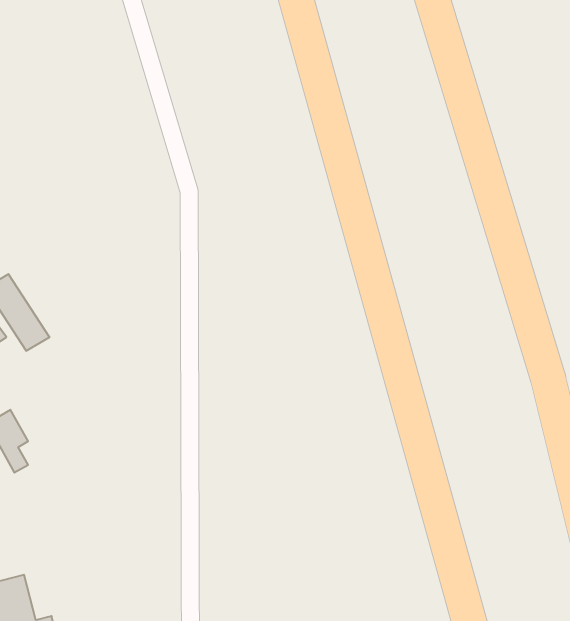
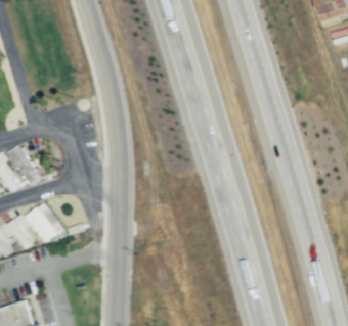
building: none -> [25,201,62,241]

